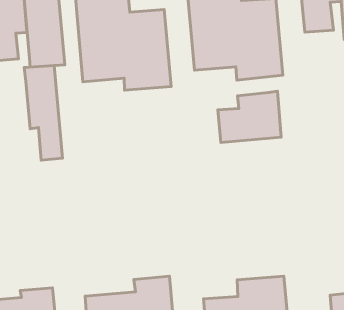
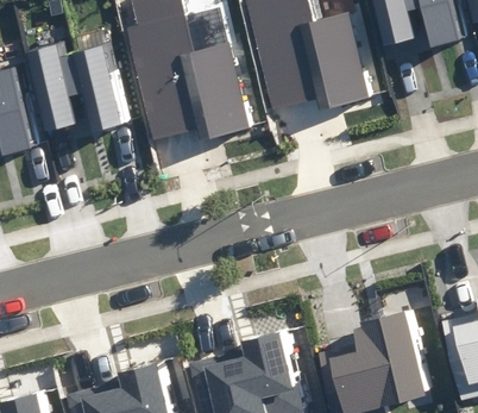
building: [24,66,62,160] -> none
building: [218,91,281,143] -> none

